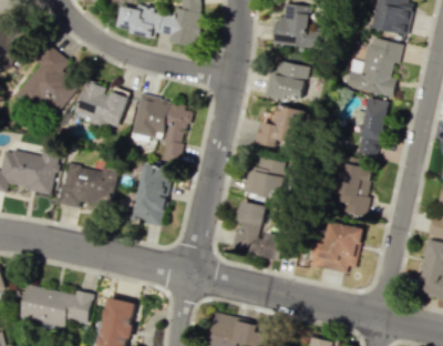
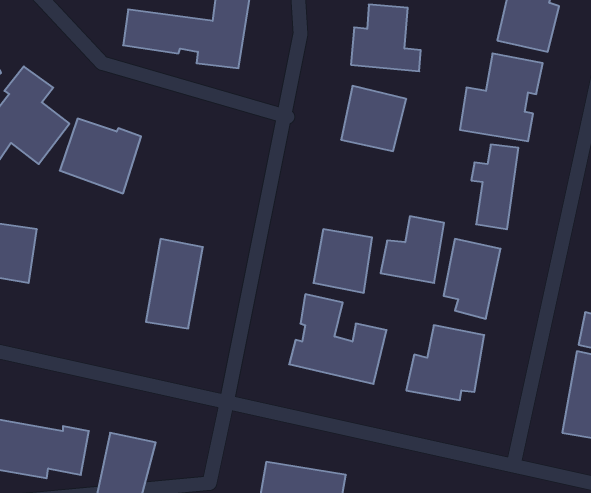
building: [131,95,190,163] -> none
building: [256,105,299,151] -> [381,216,444,283]
building: [59,164,116,207] -> none

